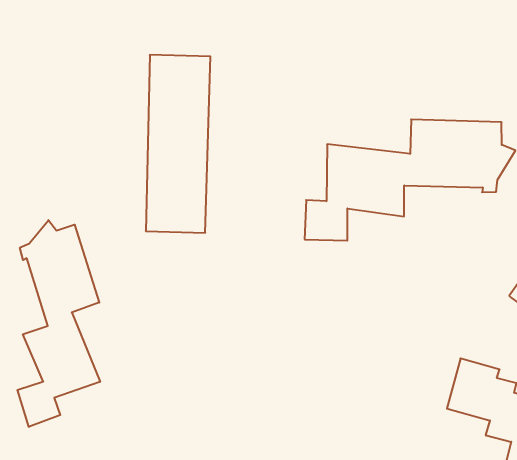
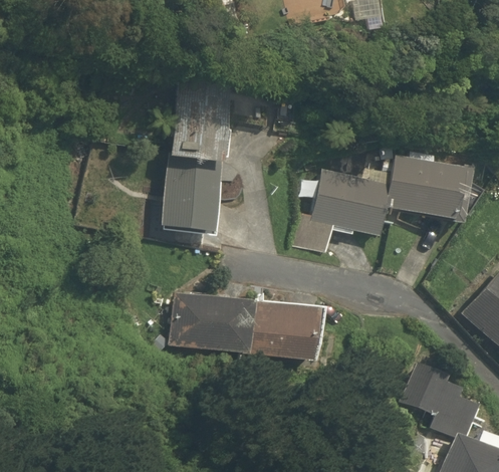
building: [17,220,100,427] -> none
building: none -> [171,292,322,362]

